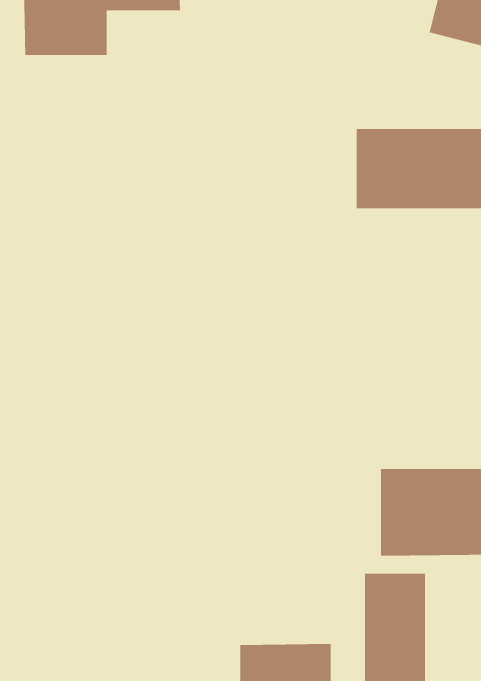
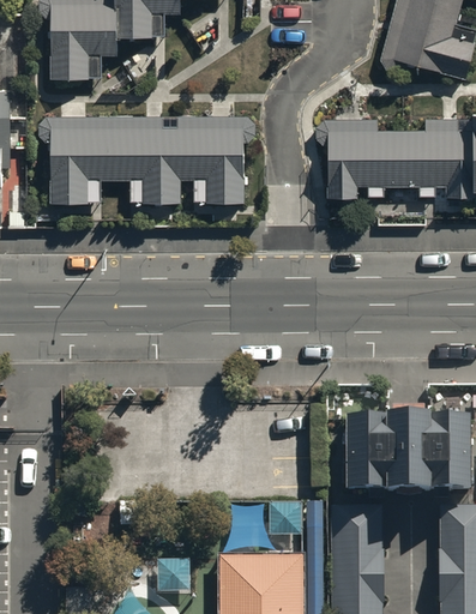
building: none -> [49,118,241,201]

